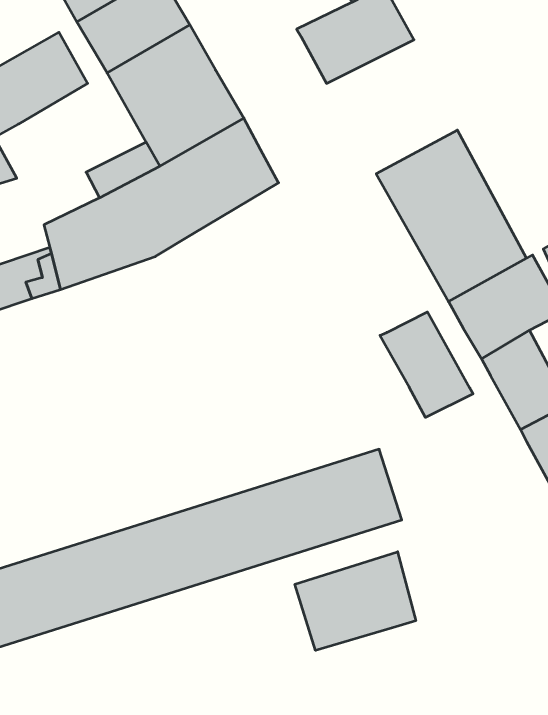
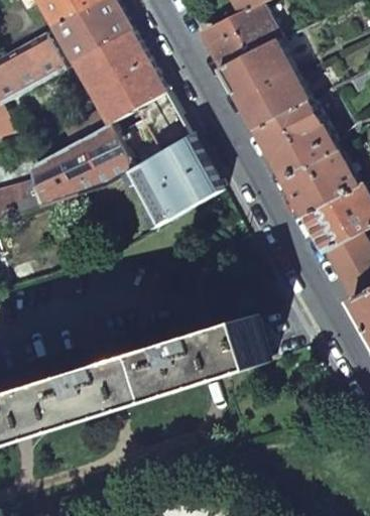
building: none -> [220,40,307,128]
building: none -> [130,134,219,223]
building: [380,312,473,417] -> none
building: [295,552,416,650] -> none

